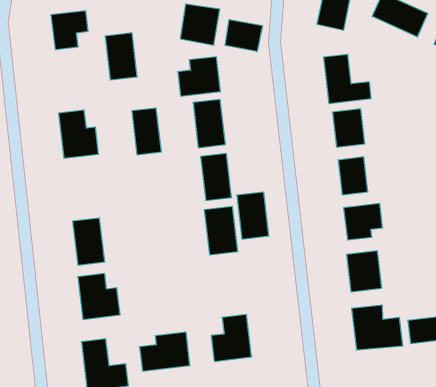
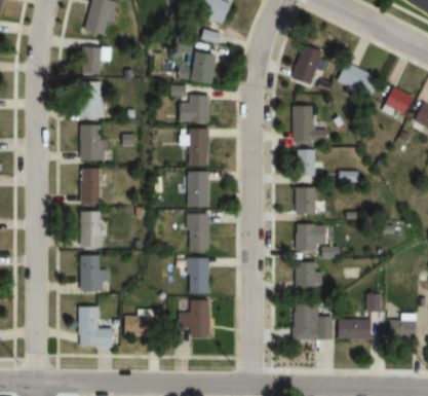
building: [225,20,262,52] -> none
building: [105,33,137,80] -> [83,82,105,117]
building: [132,108,161,155] -> [81,168,101,203]
building: [237,192,269,239] -> [188,258,209,293]

